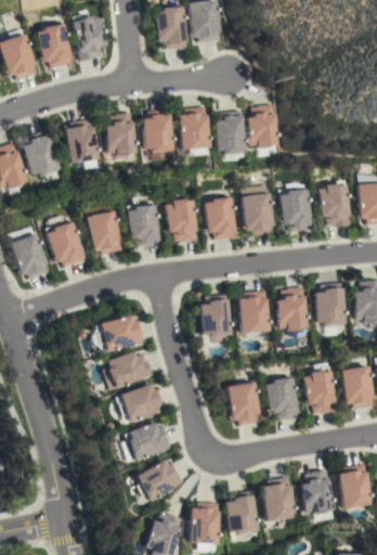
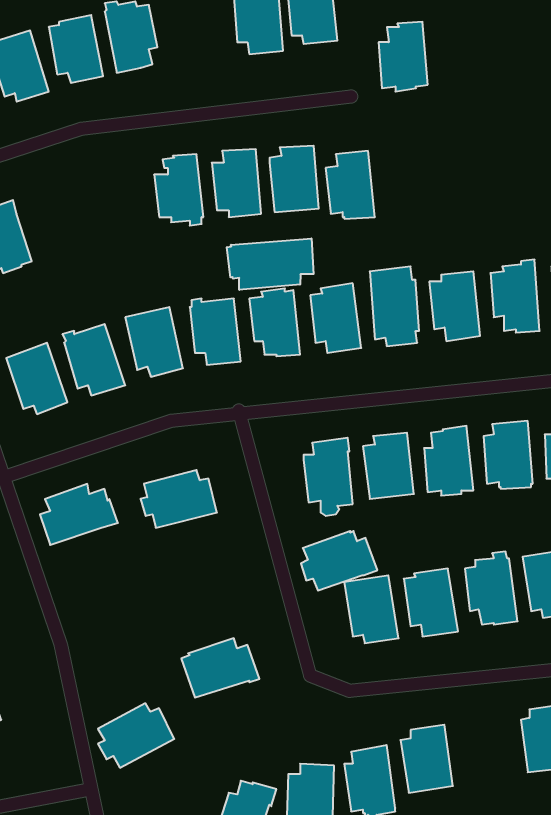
building: [247,104,278,149] -> [379,22,428,92]
building: [64,119,98,163] -> none
building: [22,130,60,177] -> none
building: none -> [227,238,314,290]
building: [103,350,153,389] -> [40,484,118,545]
building: [117,384,166,422] -> [301,531,377,591]
building: [133,460,182,501] -> [98,703,174,768]
building: [300,469,333,515] -> none

